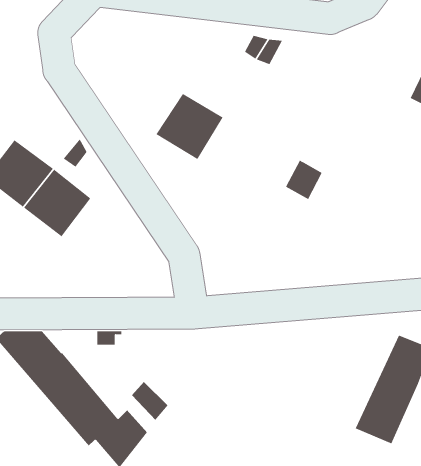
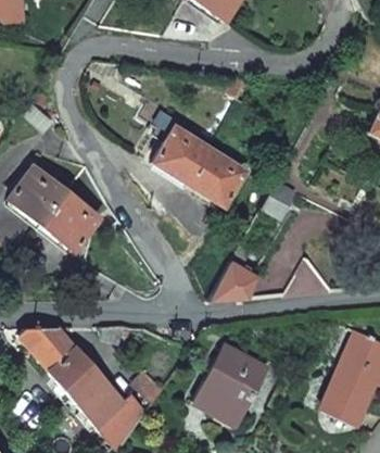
building: none -> [188,147,244,204]
building: none -> [208,239,261,300]
building: none -> [192,345,264,425]

